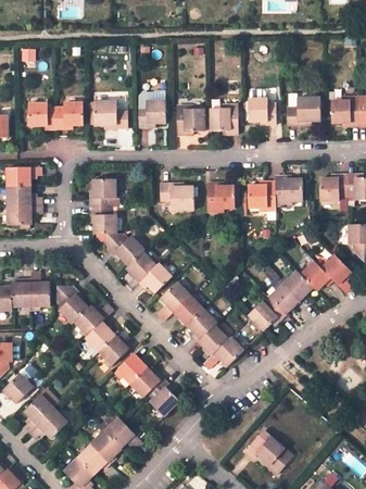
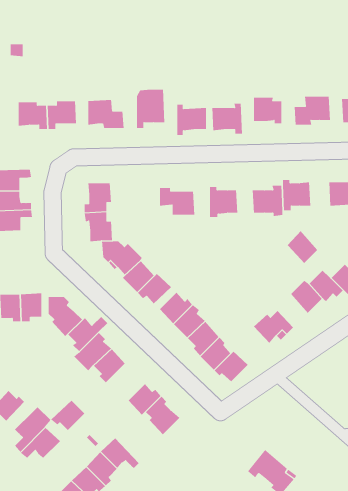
building: [269,284,299,315] -> [287,230,318,264]
building: [114,354,147,384] -> [51,400,85,431]

